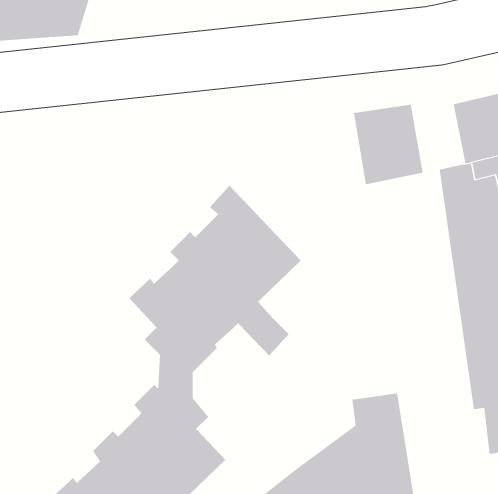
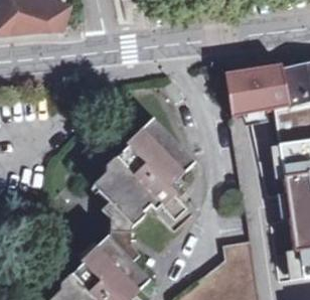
building: none -> [258,66,288,111]

